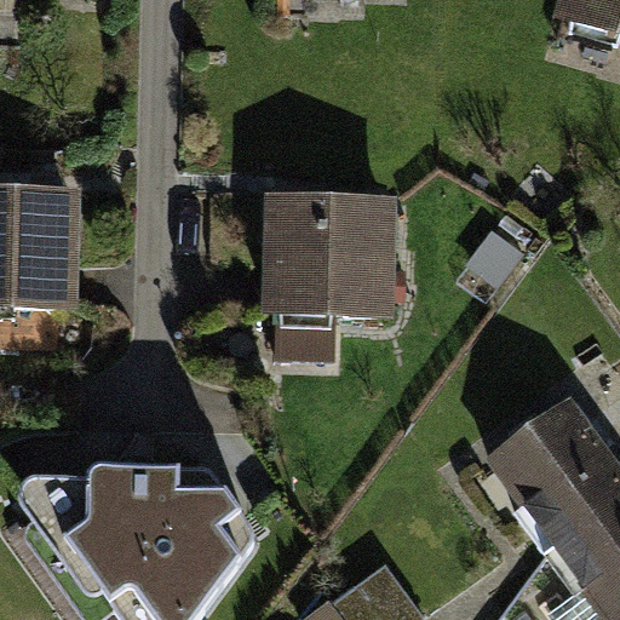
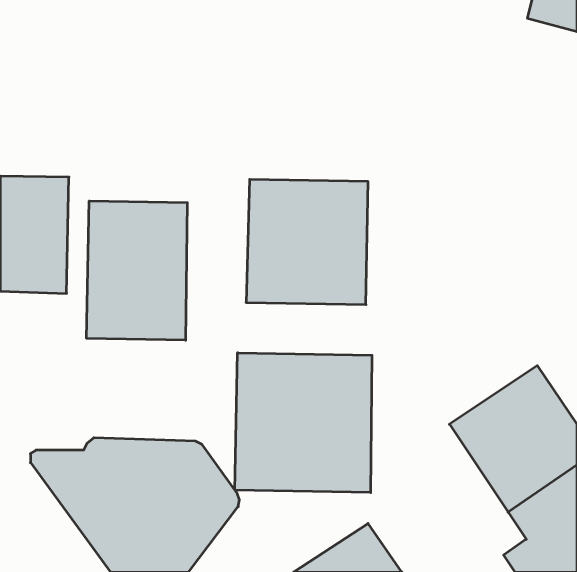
building: none -> [87,201,187,340]
building: none -> [235,353,372,493]

